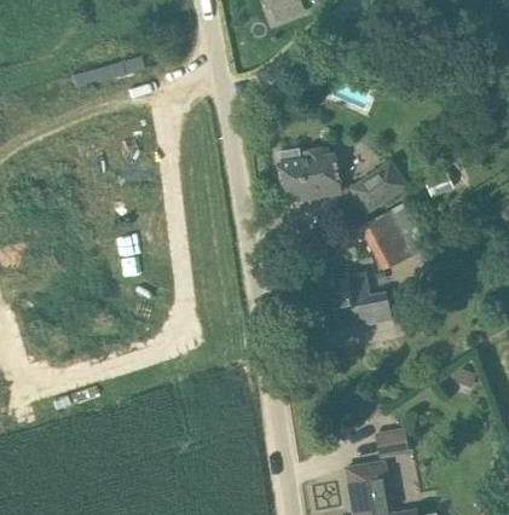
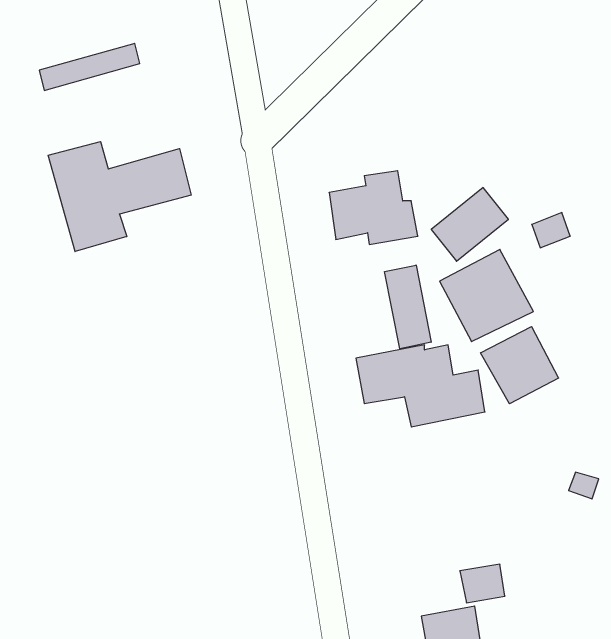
building: none -> [48,142,191,252]
building: none -> [385,265,431,349]
building: none -> [481,327,559,404]

